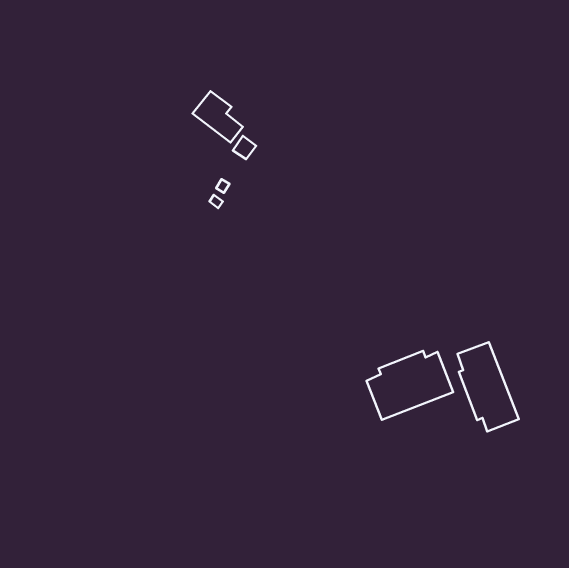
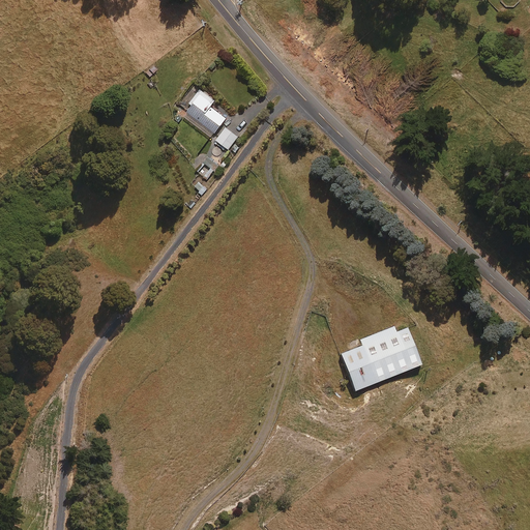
building: [458,342,519,432] -> none

